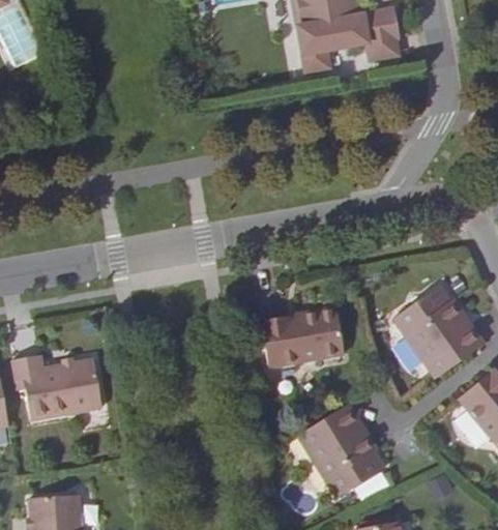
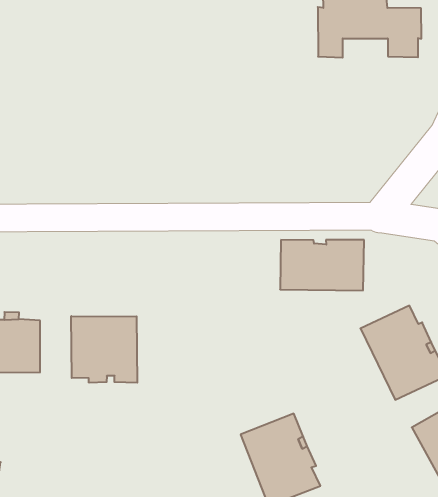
building: [255,307,339,366] -> [280,240,364,290]
building: none -> [71,316,137,383]

